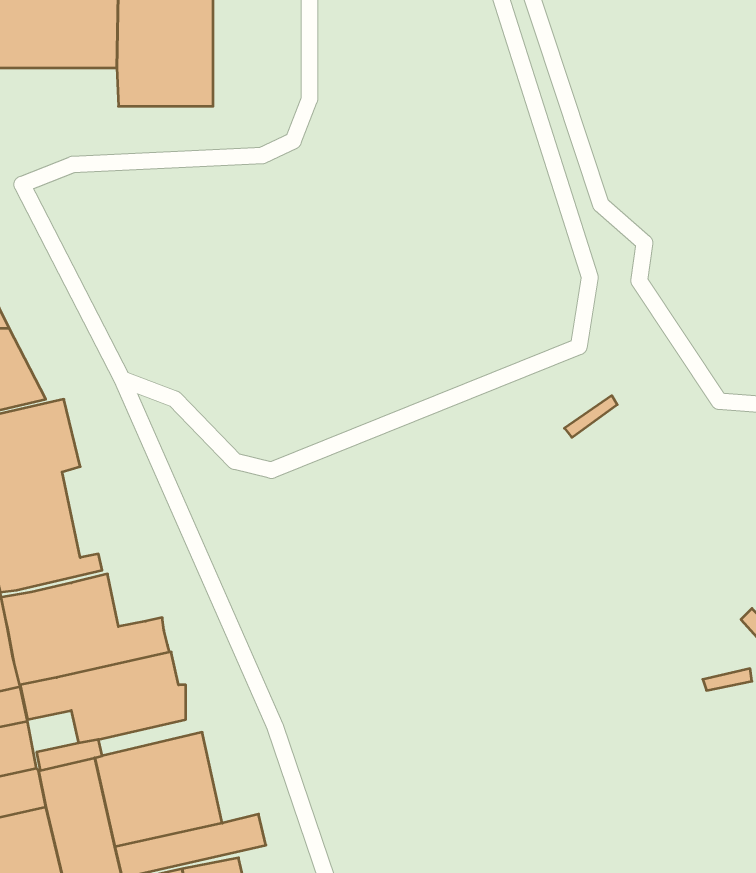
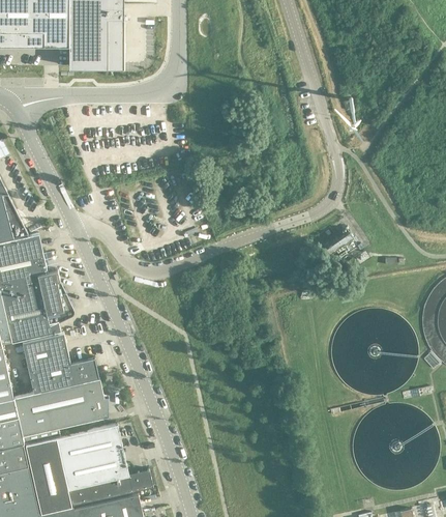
building: none -> [36,270,72,324]
building: none -> [17,411,46,435]

